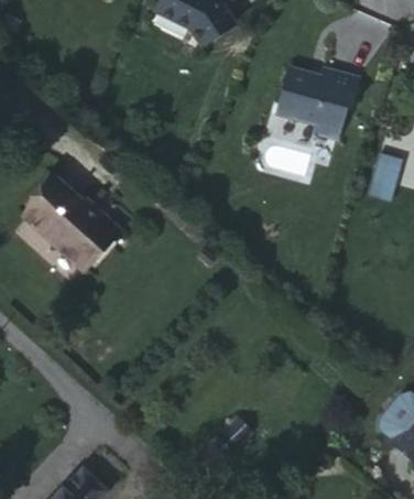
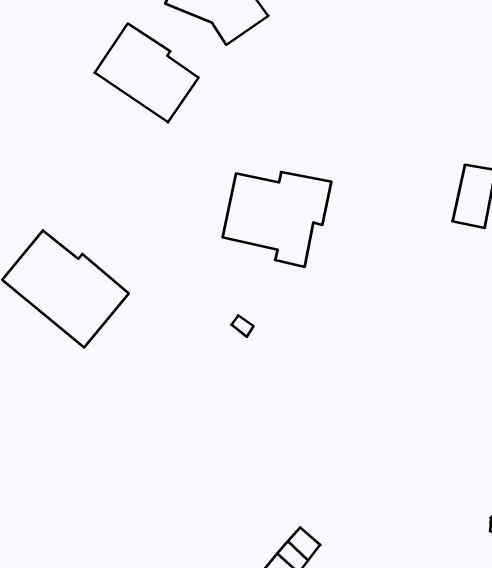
building: none -> [95,24,198,122]
building: [275,68,360,142] -> [223,172,331,267]

